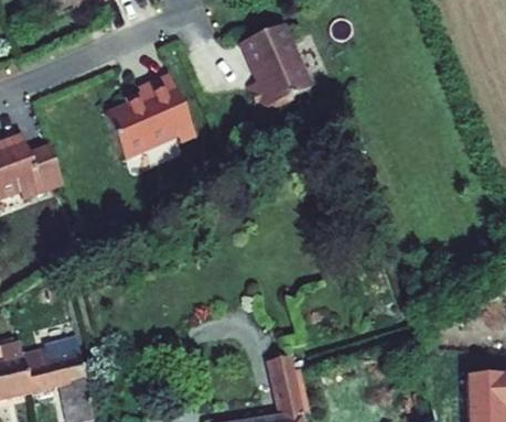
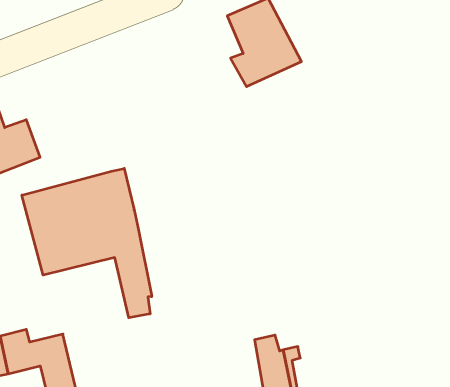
building: [105,71,193,155] -> none
building: none -> [22,168,152,318]

